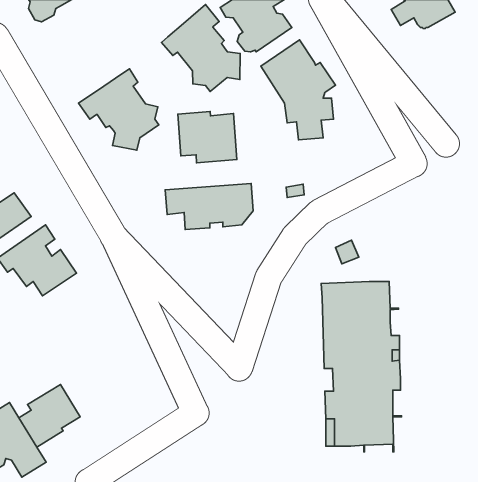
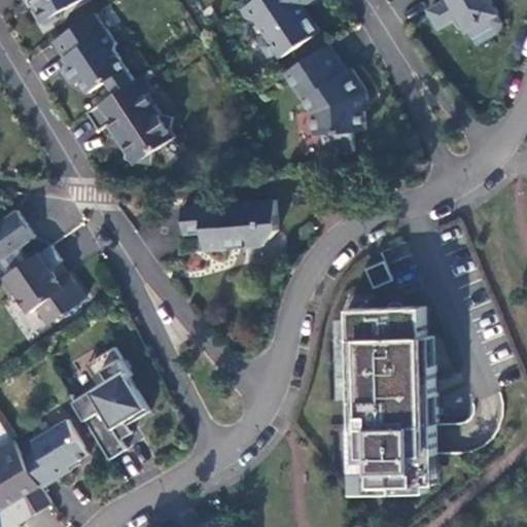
building: [162,5,240,91] -> none
building: none -> [52,12,133,94]
building: [178,112,237,163] -> none
building: none -> [73,348,148,461]

